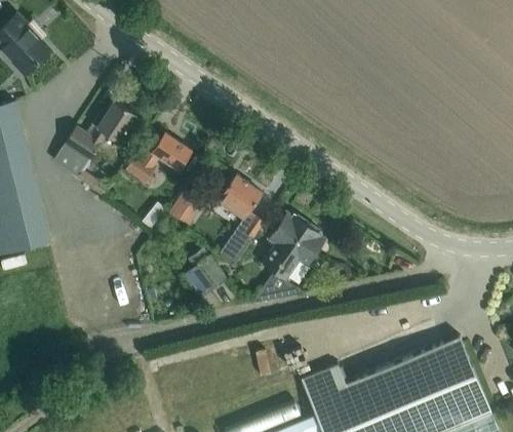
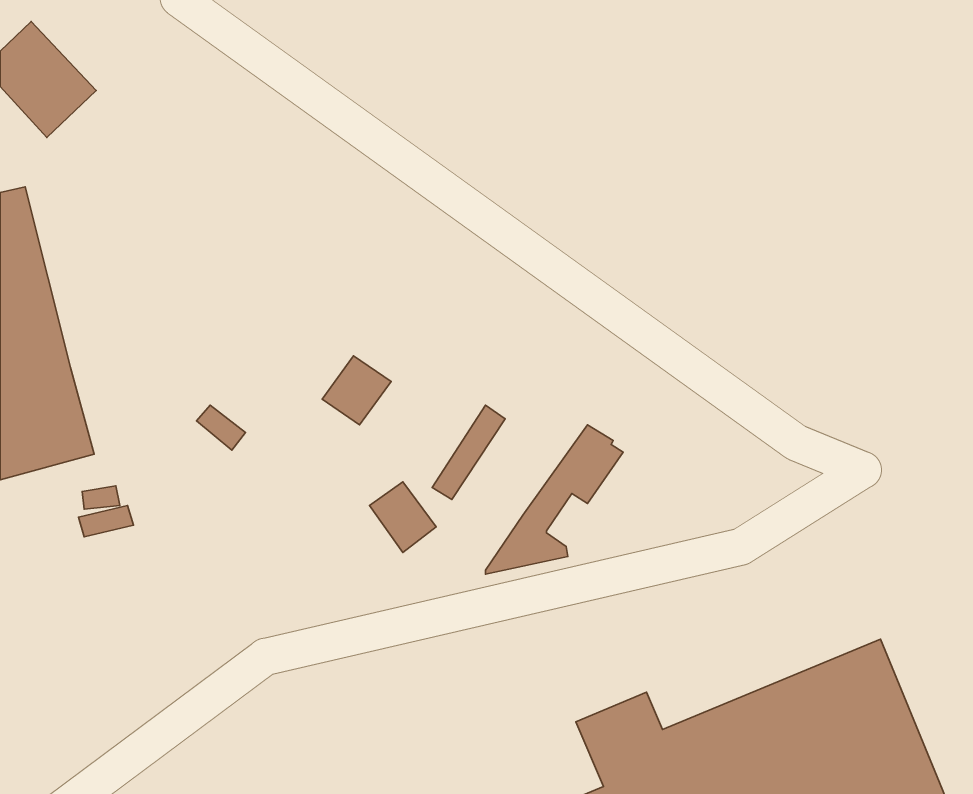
building: [53,101,136,179] -> none
building: [125,133,191,184] -> none
building: [216,173,264,222] -> none
building: [261,213,307,273] -> none

